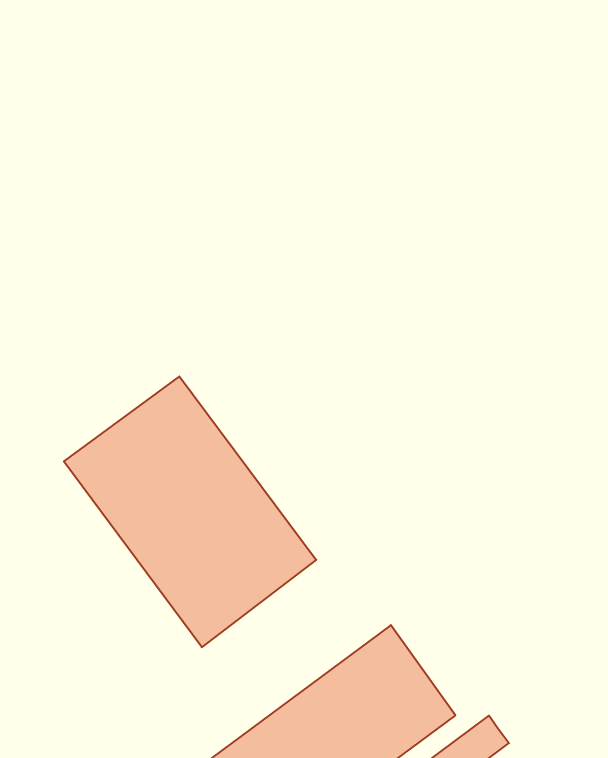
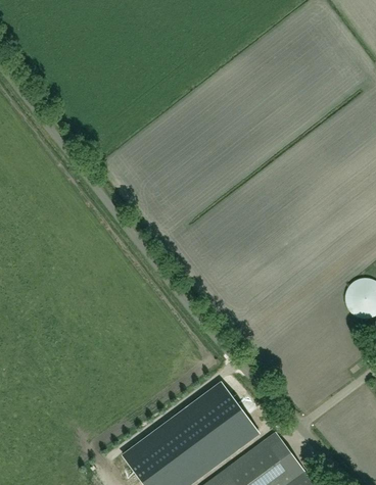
building: [64,376,316,647] -> none

